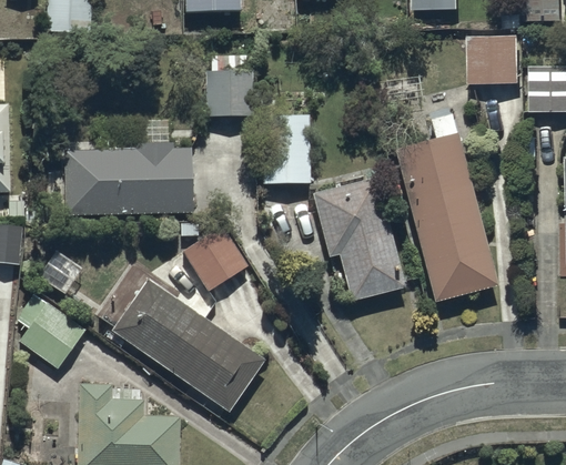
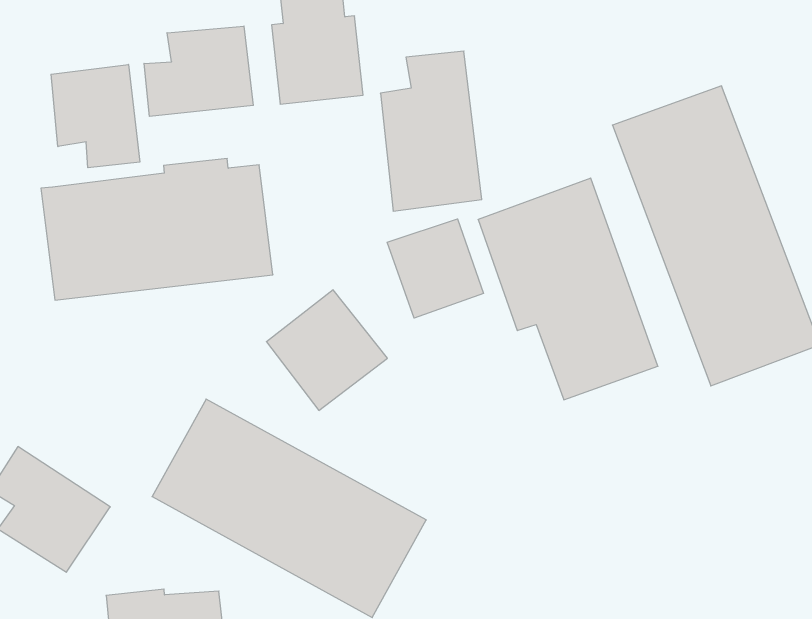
building: none -> [144,26,253,116]
building: none -> [51,64,140,168]
building: none -> [387,219,483,318]

